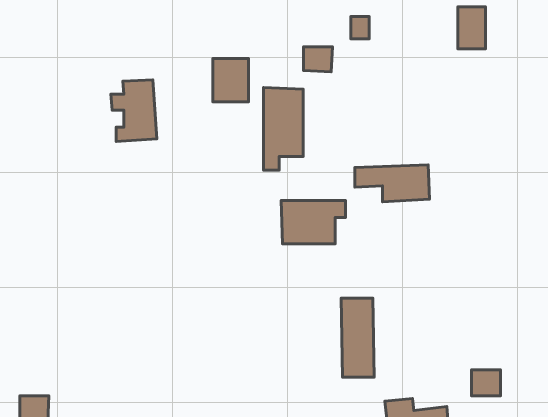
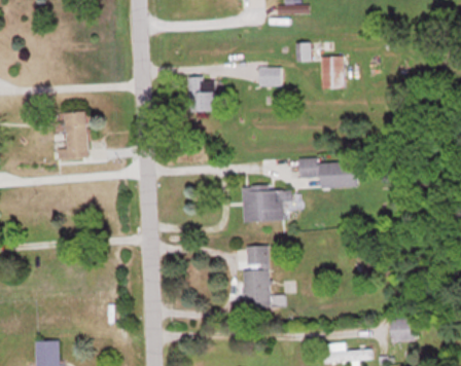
building: [458,7,485,49] -> [321,57,343,89]
building: [111,80,157,142] -> [52,112,88,160]
building: [264,88,303,170] -> none
building: [341,298,374,377] -> [243,247,269,308]

